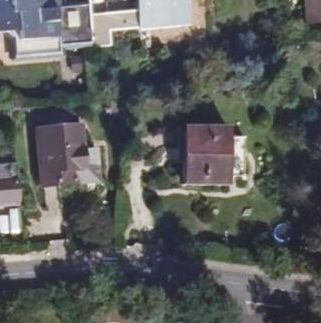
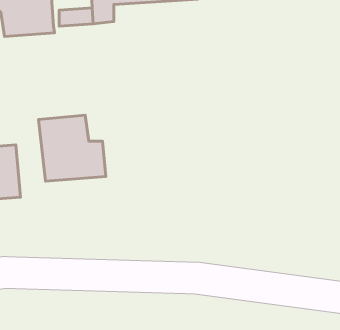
building: [183,126,234,183] -> none

